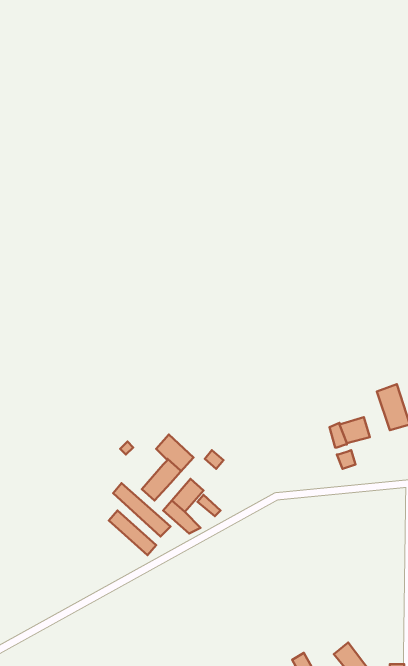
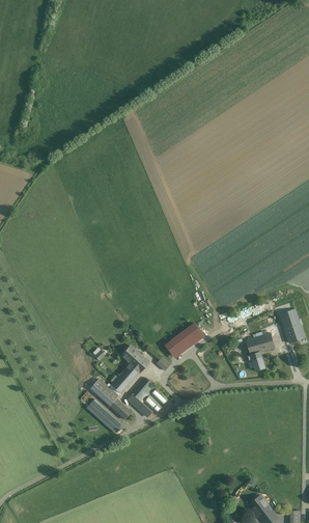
building: none -> [164,322,206,359]

